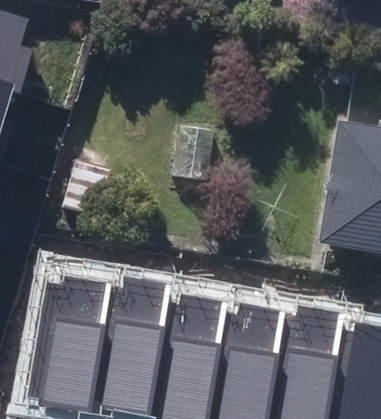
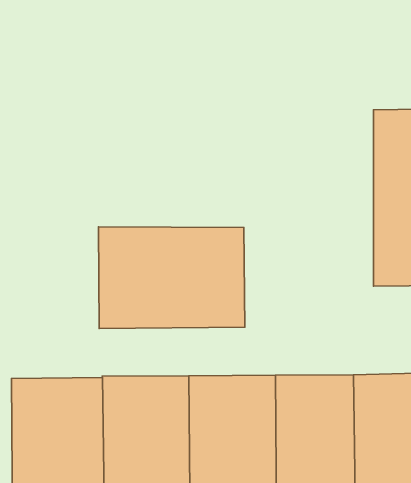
building: none -> [99,227,245,328]

